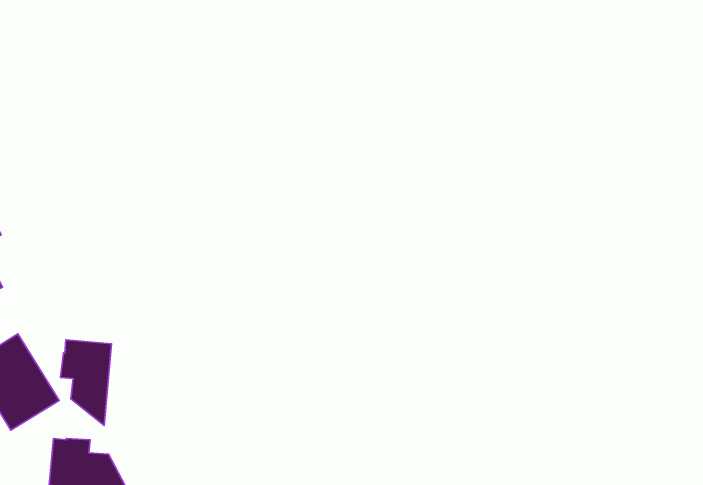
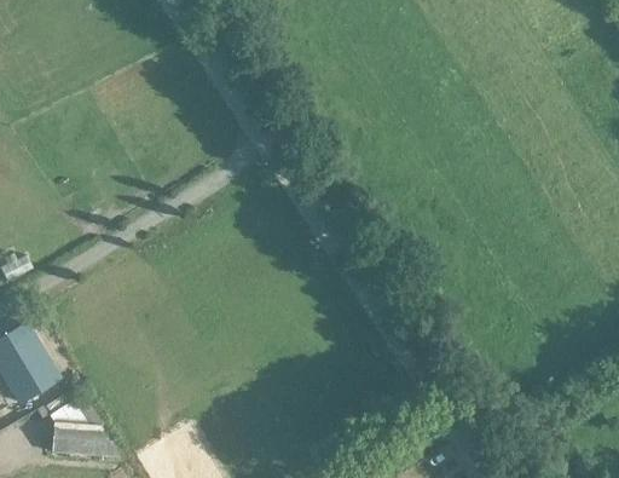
building: [61,340,112,426] -> none

